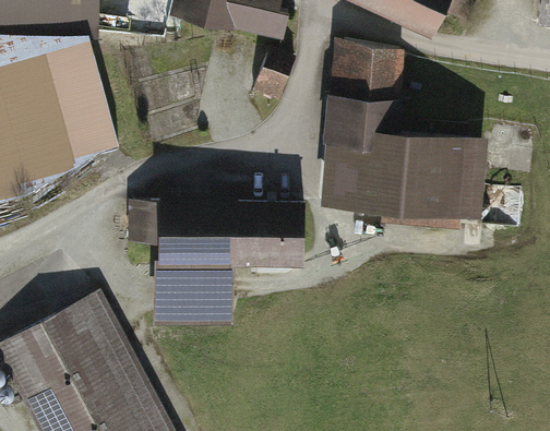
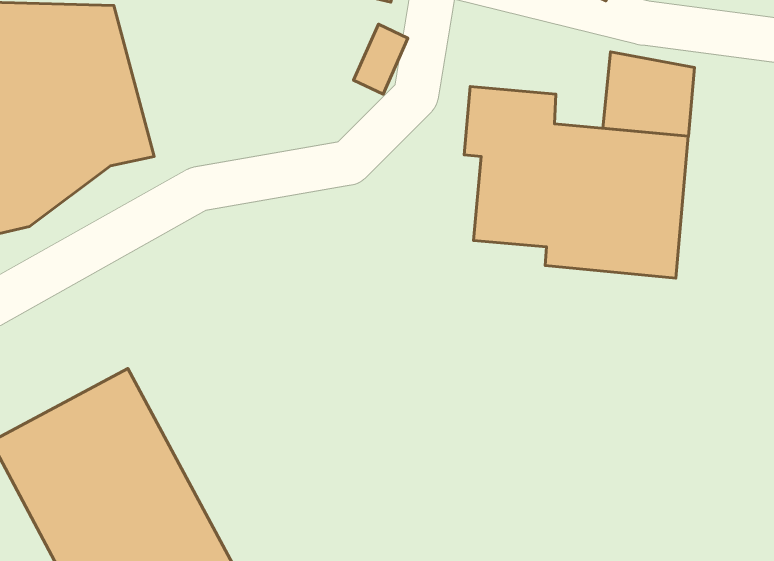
building: [335,44,399,103] -> [603,52,695,136]
building: [130,195,301,315] -> none

